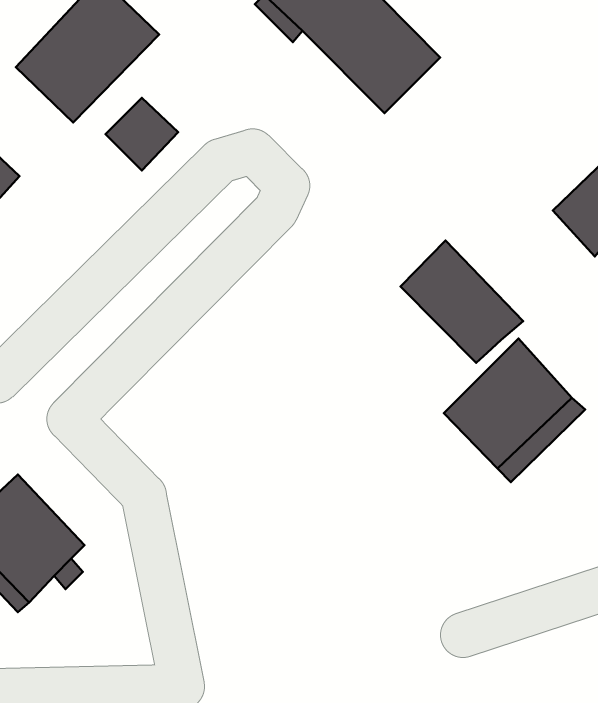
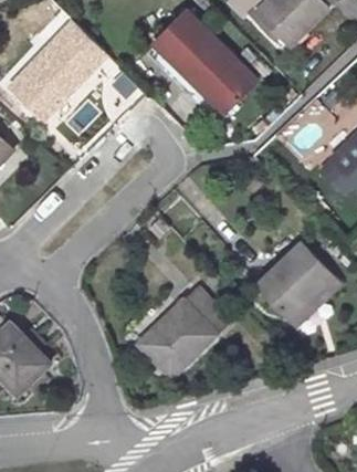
building: [401,241,523,363] -> none
building: none -> [139,287,228,376]

